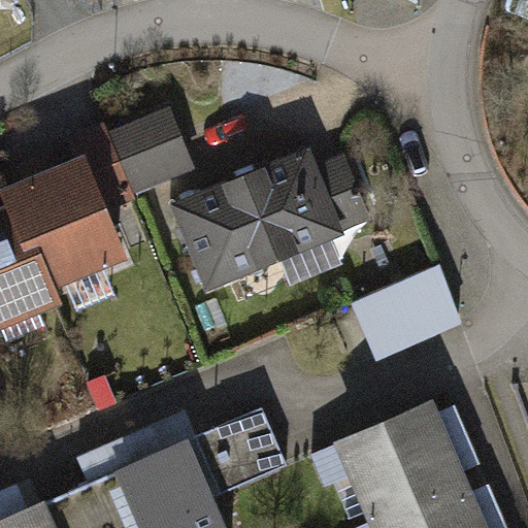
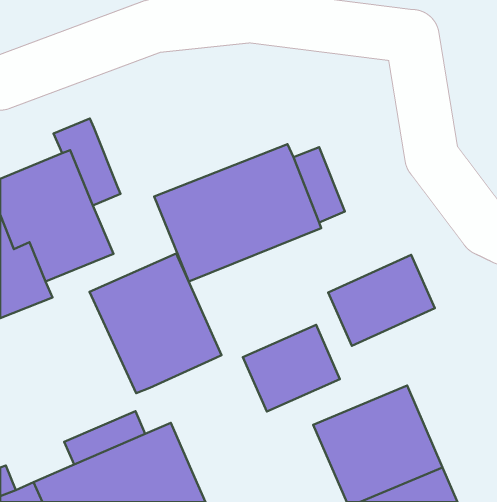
building: [106,108,192,195] -> none
building: none -> [90,253,221,393]
building: [187,407,288,498] -> [243,325,340,412]

